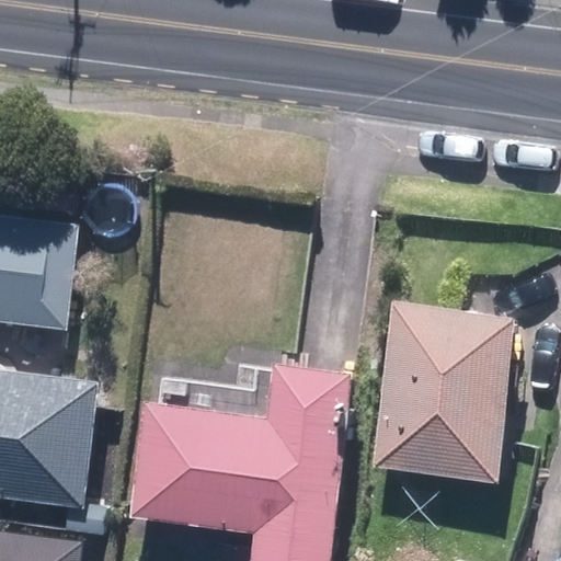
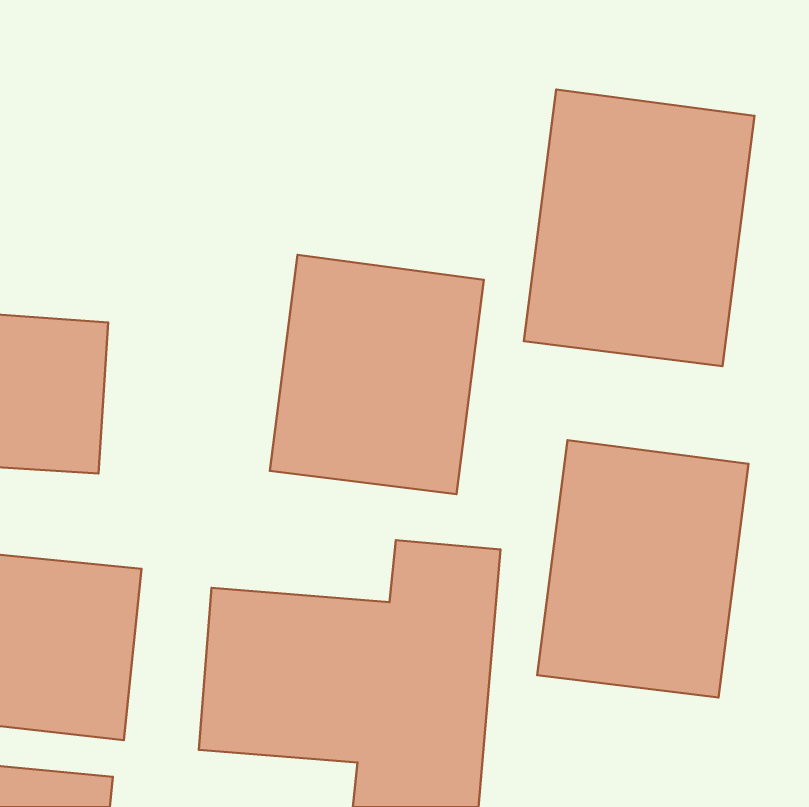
building: none -> [524,89,755,366]
building: none -> [270,255,484,494]

